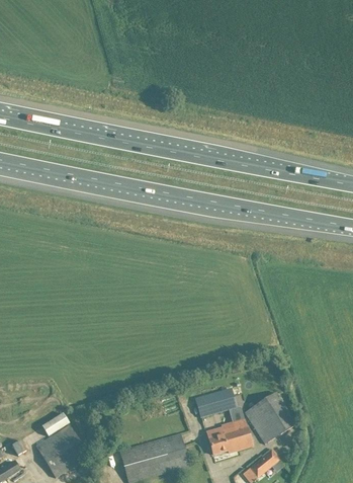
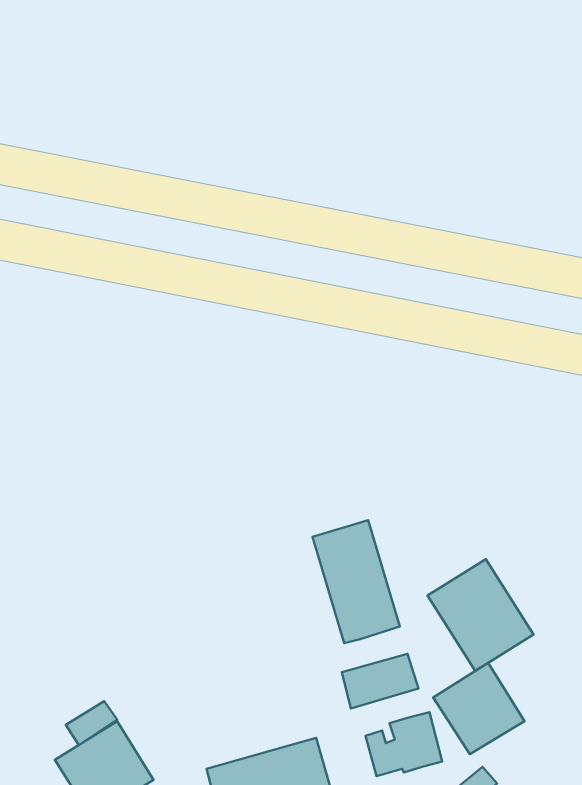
building: none -> [313,520,400,643]
building: none -> [427,559,534,671]

